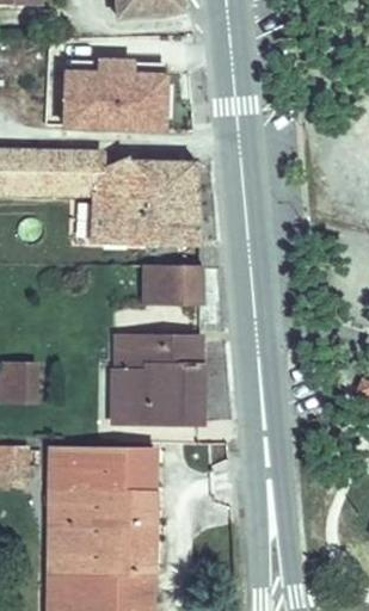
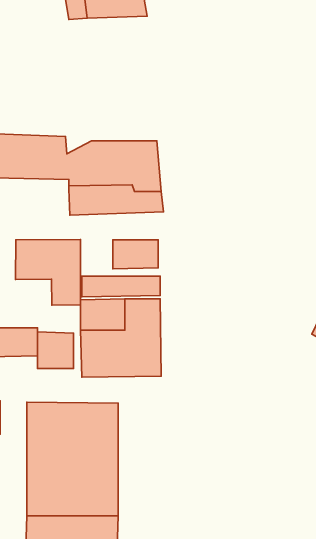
building: [61,64,156,119] -> none
building: none -> [16,240,81,305]
building: none -> [38,332,73,368]

